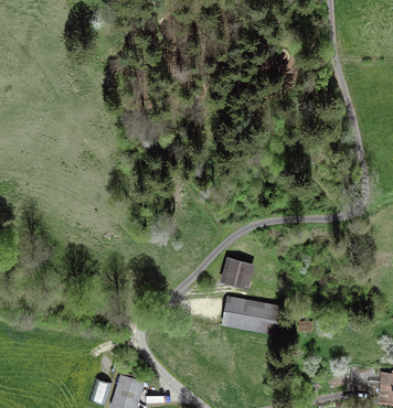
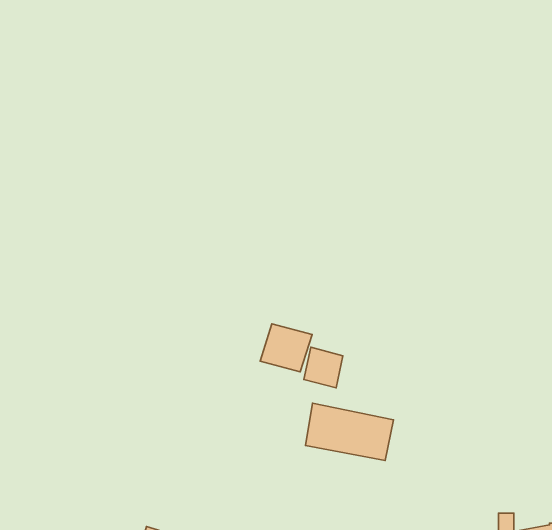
building: none -> [260,324,312,372]

